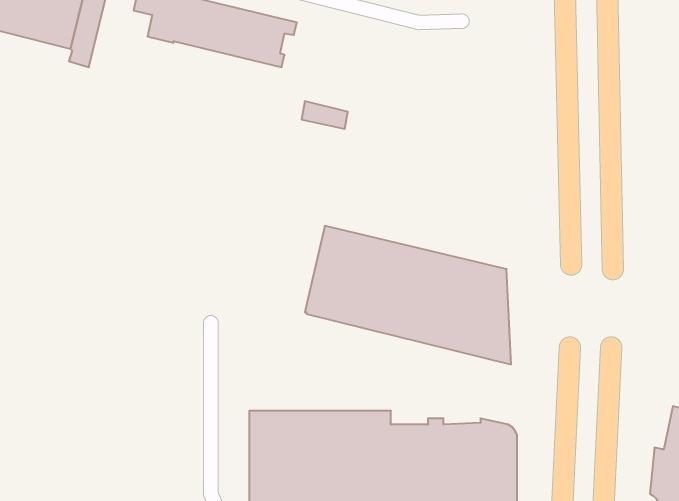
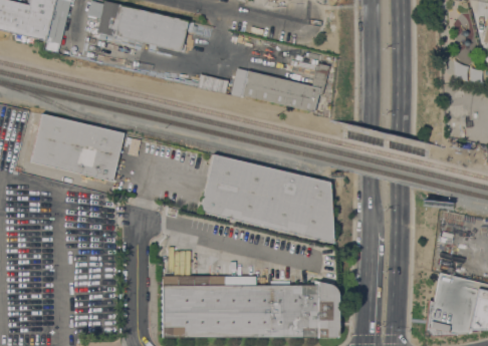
building: none -> [231,63,329,111]
building: none -> [31,114,126,184]

